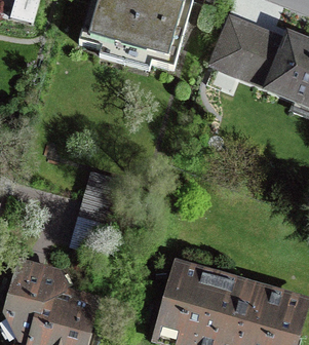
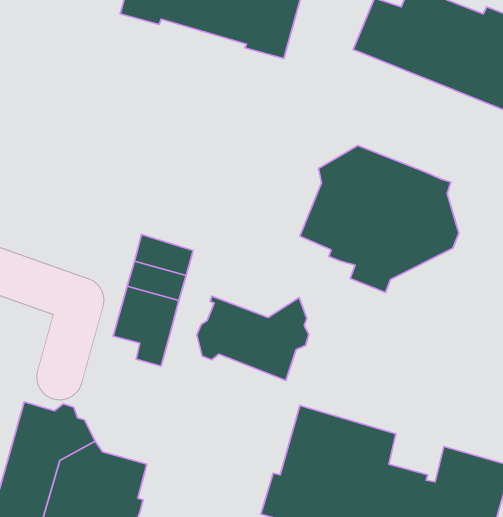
building: none -> [300,146,459,293]
building: none -> [197,296,309,380]

